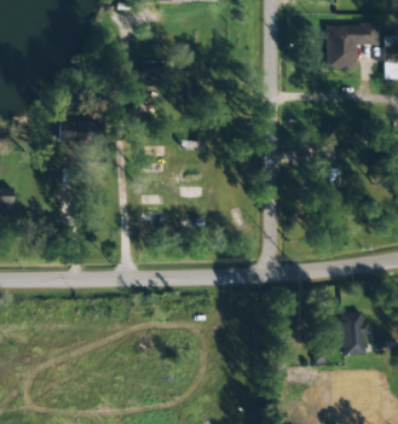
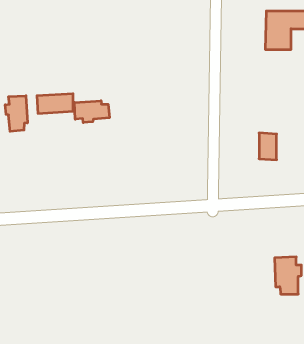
building: none -> [5,96,27,131]
building: none -> [74,101,109,123]

